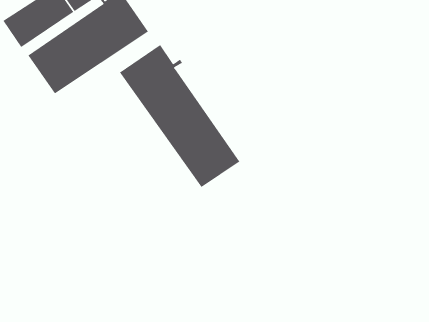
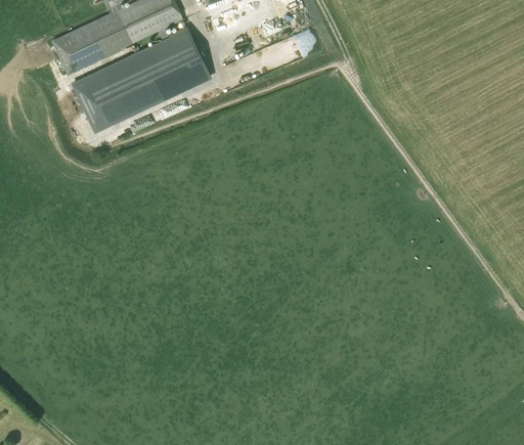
building: [119,44,240,188] -> none

